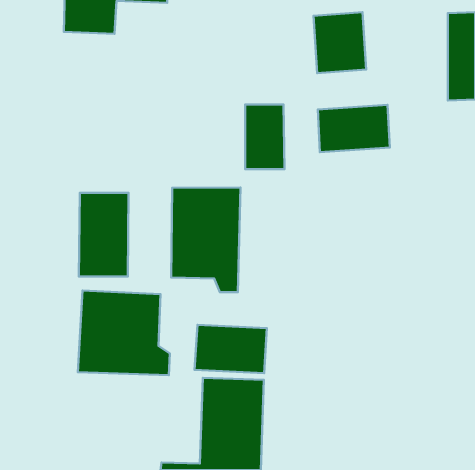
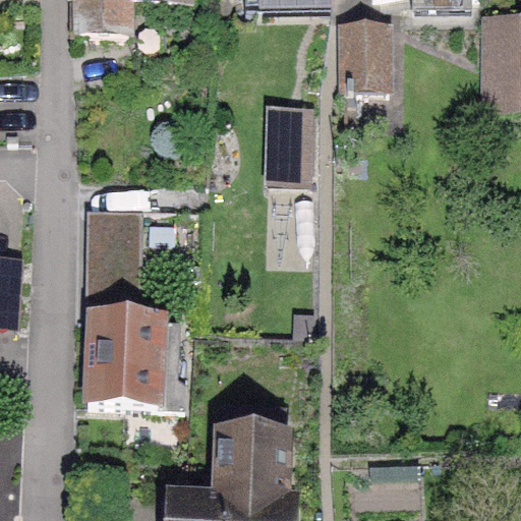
building: [318,105,390,152] -> none
building: [171,188,240,292] -> none
building: [195,325,267,373] -> none

